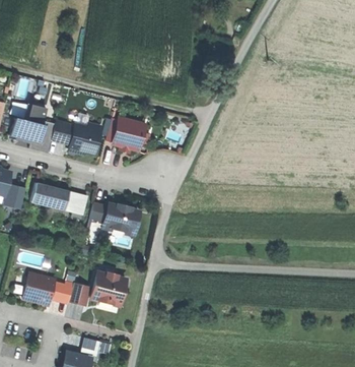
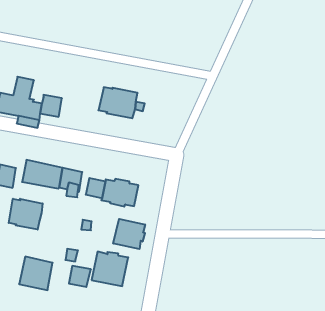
building: [70,123,99,152] -> none
building: none -> [9,199,43,230]
building: none -> [113,219,145,249]

